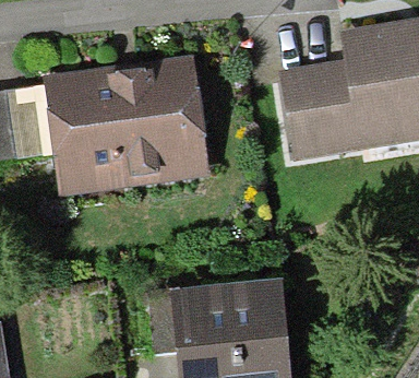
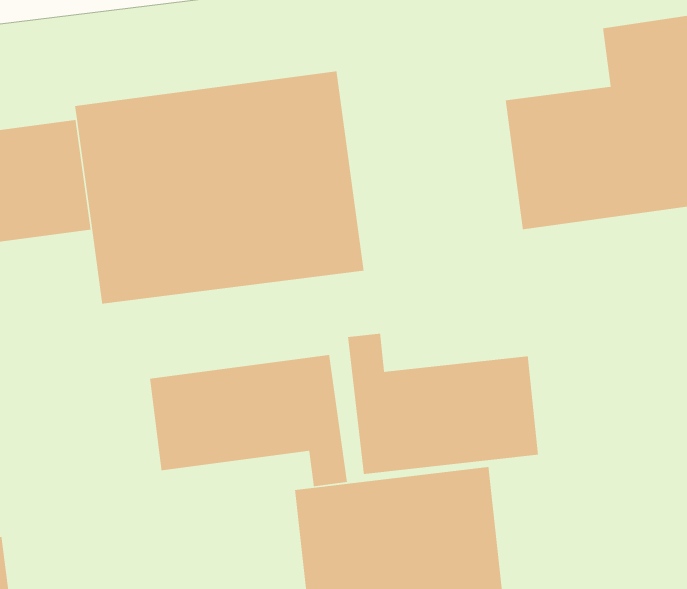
building: none -> [347,333,539,475]
building: none -> [149,354,348,487]

